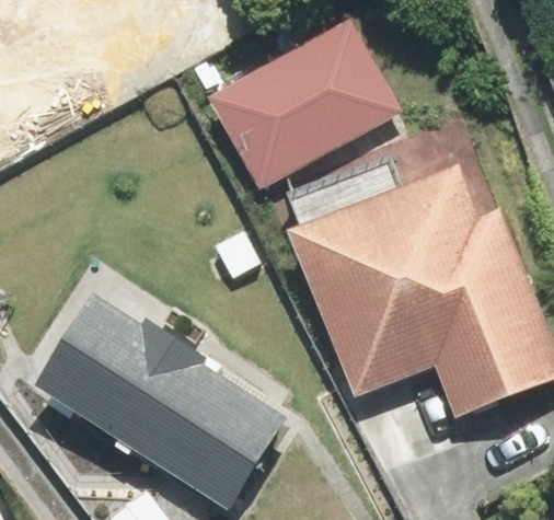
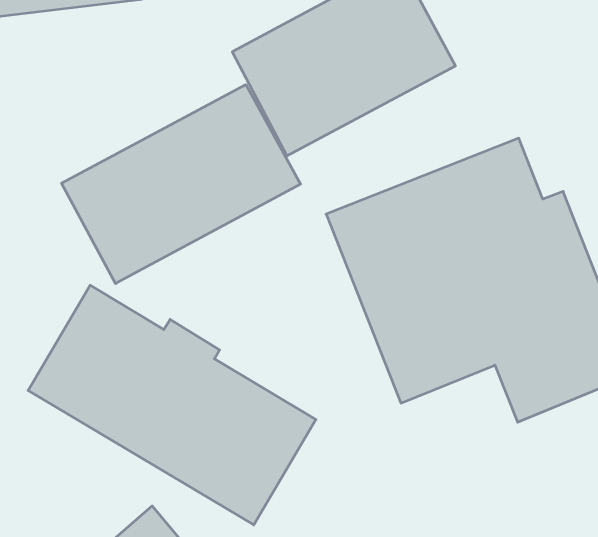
building: none -> [62,85,301,284]

